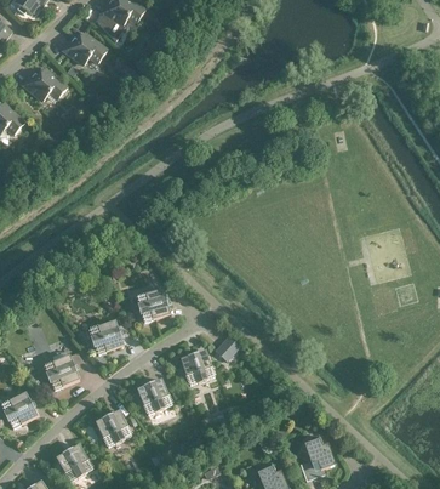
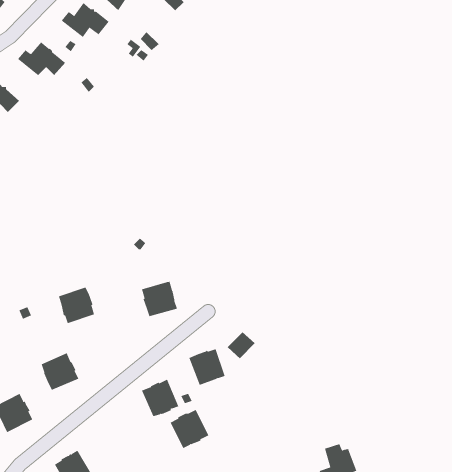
building: [88,320,122,354] -> [58,287,95,324]
building: [95,410,131,447] -> [170,409,209,449]

